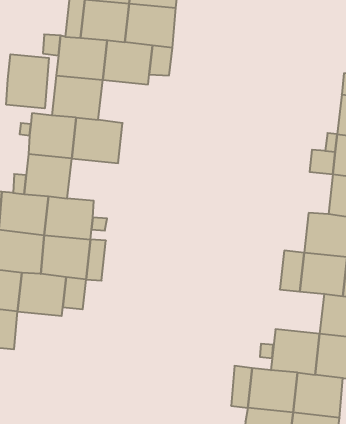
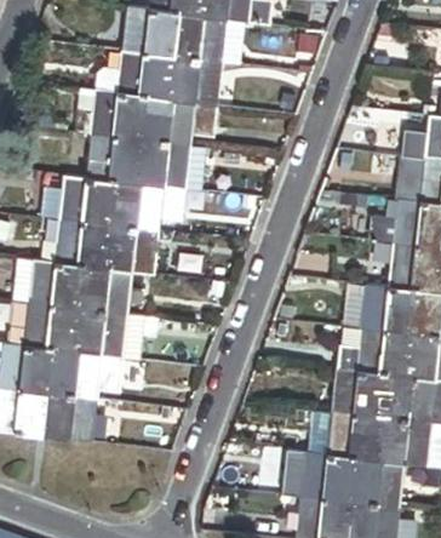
building: [6,54,49,108] -> none
building: none -> [136,139,190,189]
building: none -> [102,225,157,274]
building: none -> [330,368,383,417]
building: none -> [44,393,96,439]

